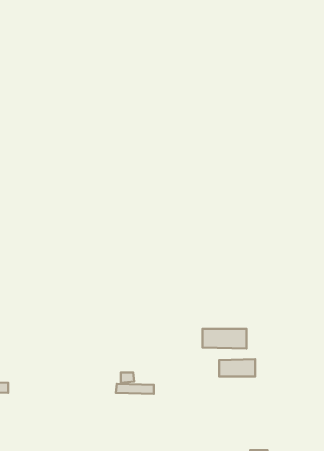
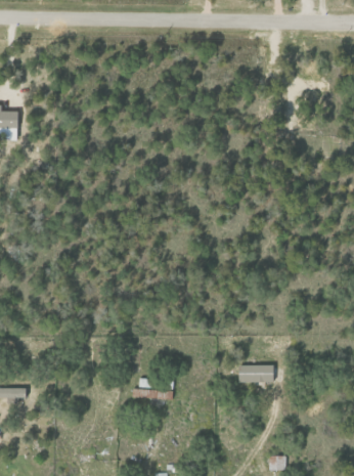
building: [203,329,246,348] -> none

